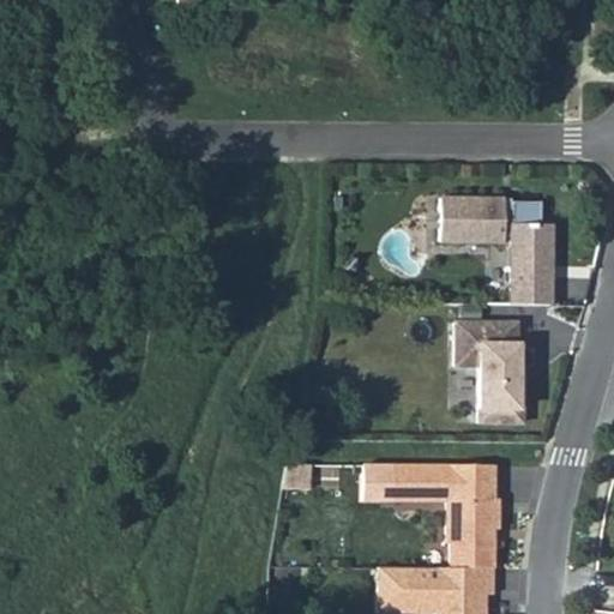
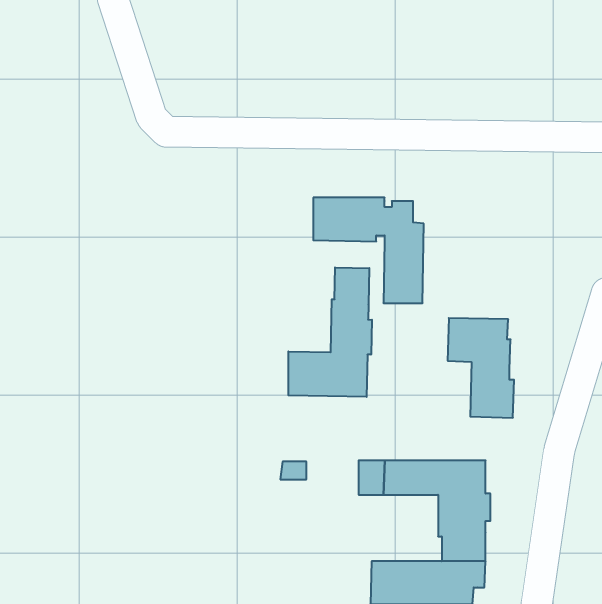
building: [441,198,553,305] -> [313,198,424,303]
building: none -> [288,267,372,397]

